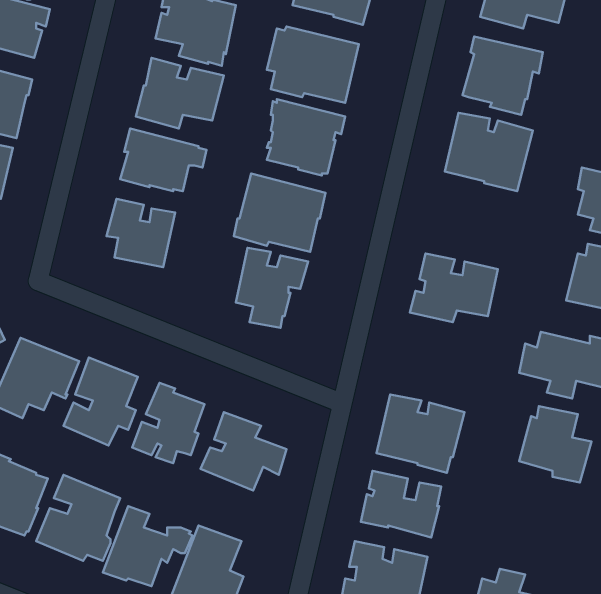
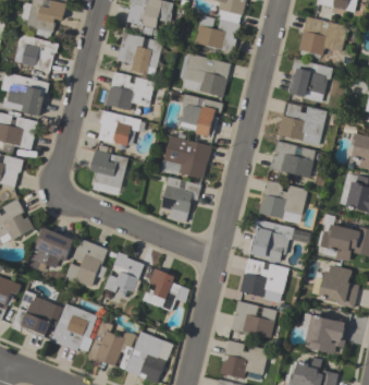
building: none -> [270,141,315,181]
building: none -> [249,218,310,262]
building: none -> [306,314,349,353]

